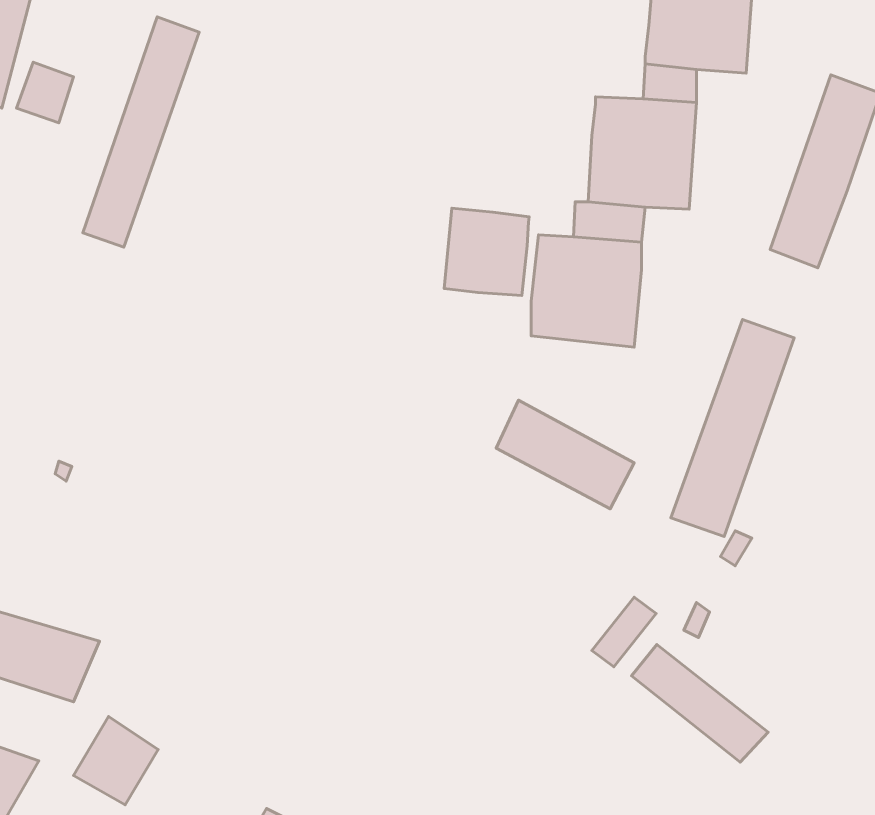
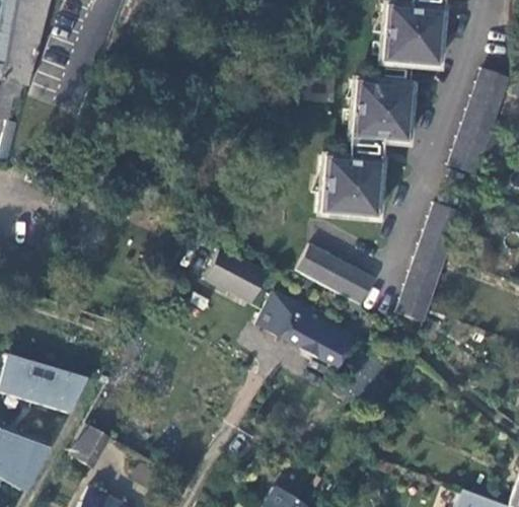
building: [83,17,199,247] -> none
building: [444,208,529,296] -> none
building: none -> [202,248,264,302]
building: none -> [257,291,353,366]
building: [631,645,768,762] -> none

